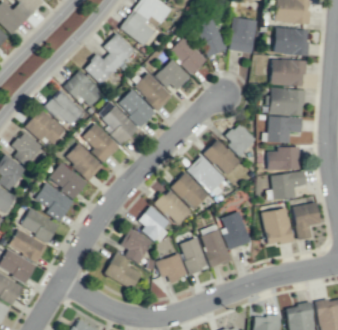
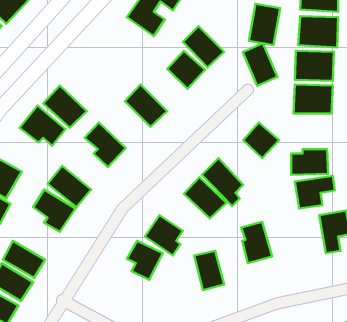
building: [195,19,226,57] -> [243,43,277,86]
building: [84,33,134,85] -> none
building: [63,70,103,107] -> none
building: [134,72,172,110] -> none
building: [102,105,138,145] -> none
building: [267,117,302,143] -> none
building: [12,132,42,167] -> none
building: [203,139,240,176] -> none
building: [65,143,103,180] -> none
building: [155,188,191,225] -> none
building: [262,207,293,246] -> none
building: [20,209,59,242] -> none
building: [199,224,230,267] -> none
building: [104,253,141,290] -> none
building: [155,253,187,282] -> none

